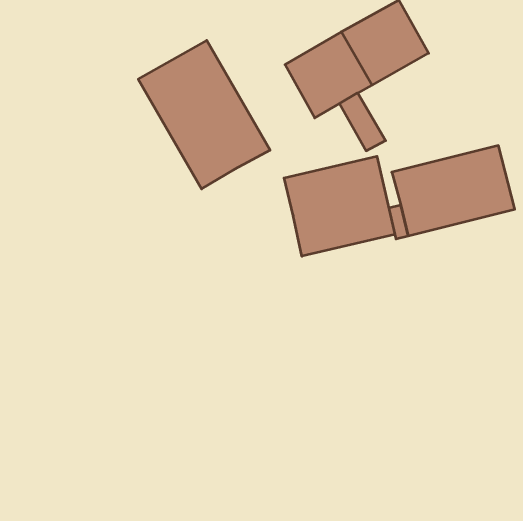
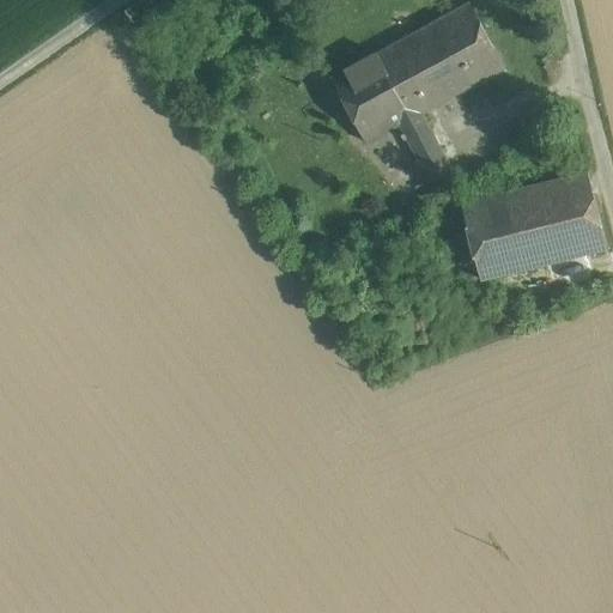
building: [138,40,270,189] -> none
building: [284,156,395,256] -> none

